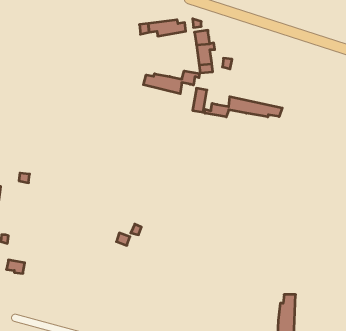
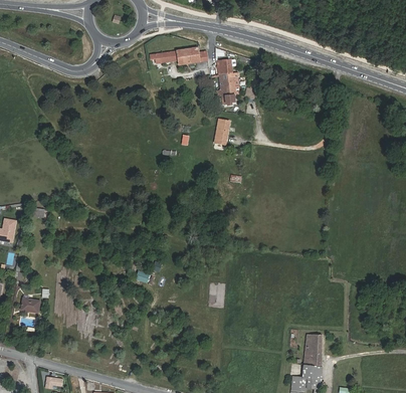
building: [143,71,199,94] -> none
building: [205,97,282,117] -> none

